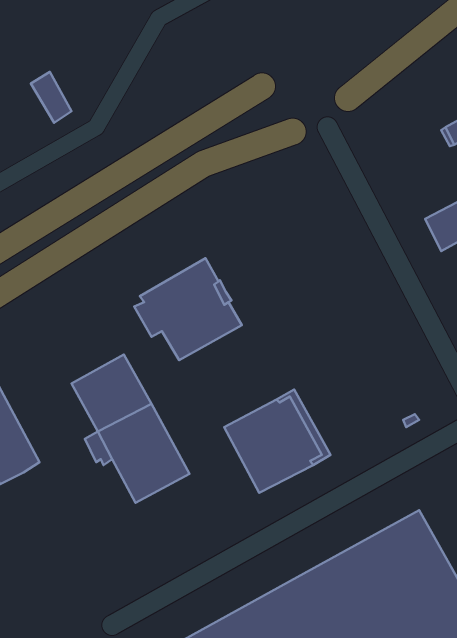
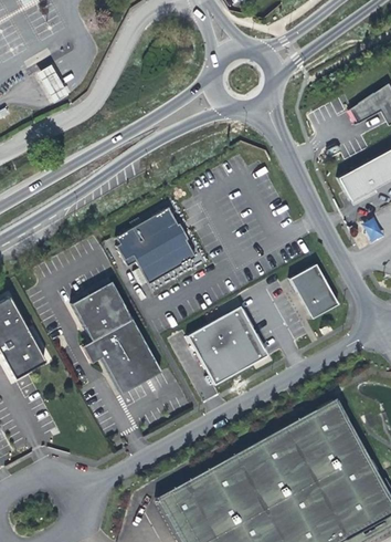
building: none -> [292,265,337,317]

